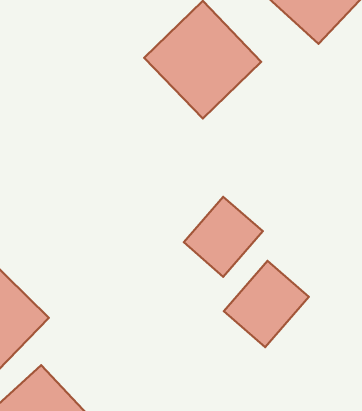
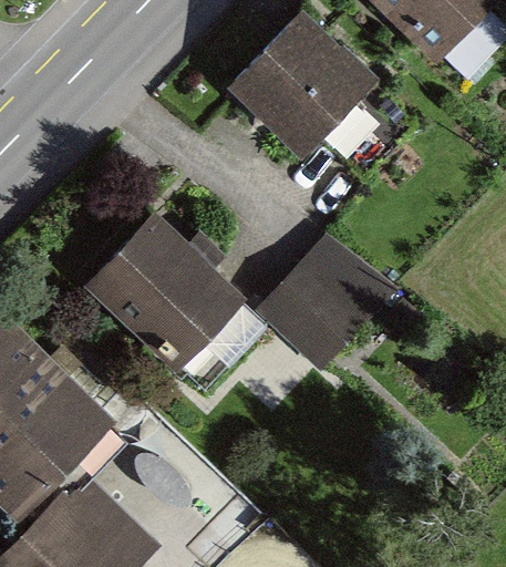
building: none -> [86,204,258,373]
building: [224,261,309,347] -> none

